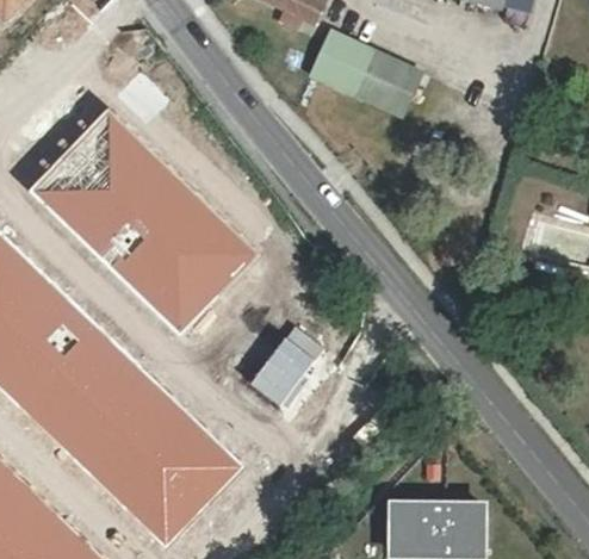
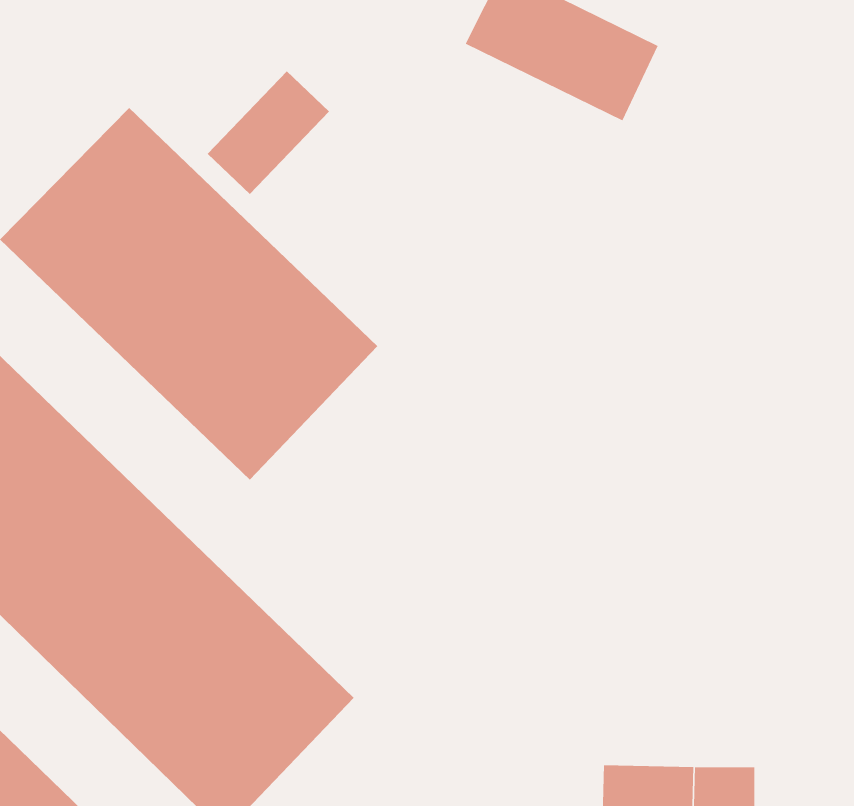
building: none -> [207,71,330,195]
building: [253,328,324,405] -> none

